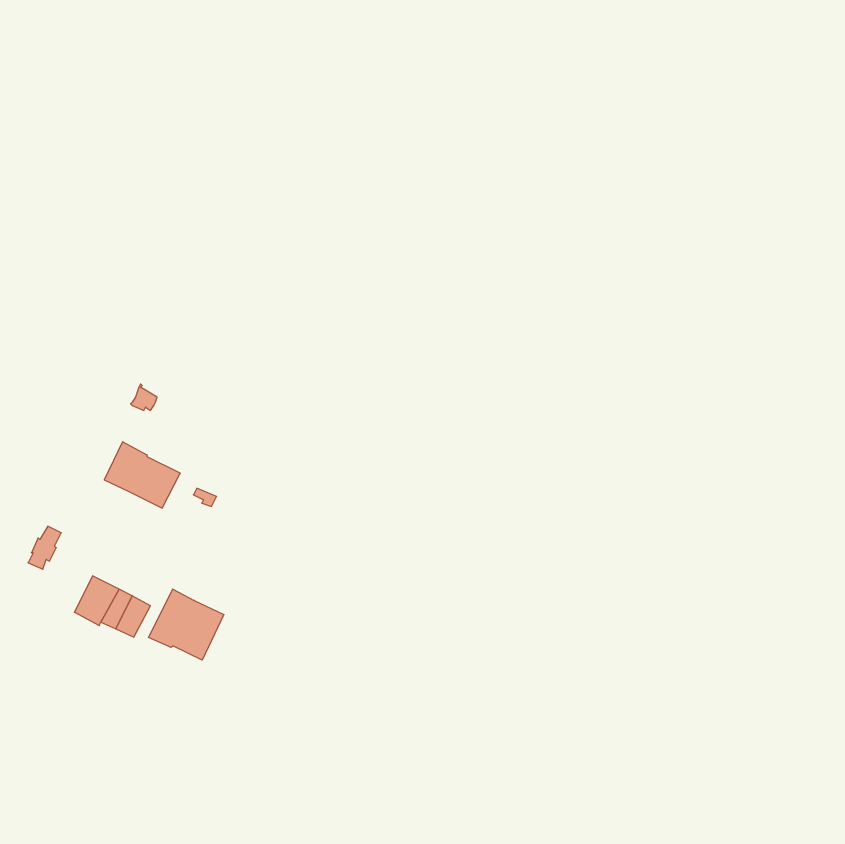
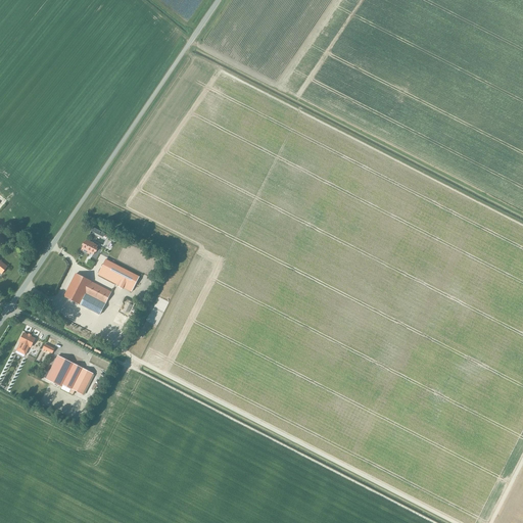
building: none -> [98,258,139,291]
building: [148,589,224,660] -> none

